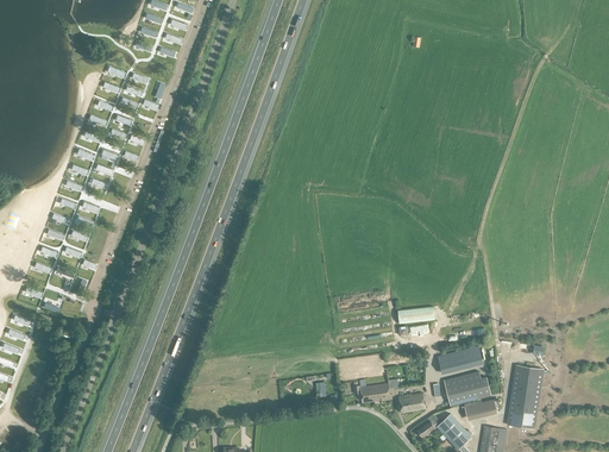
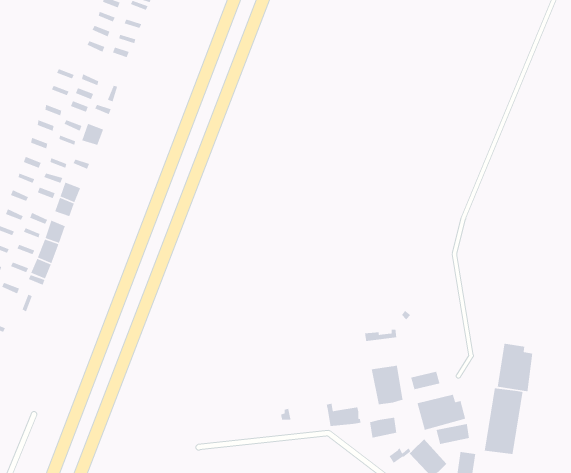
building: none -> [497,343,533,392]
building: none -> [371,365,404,405]

